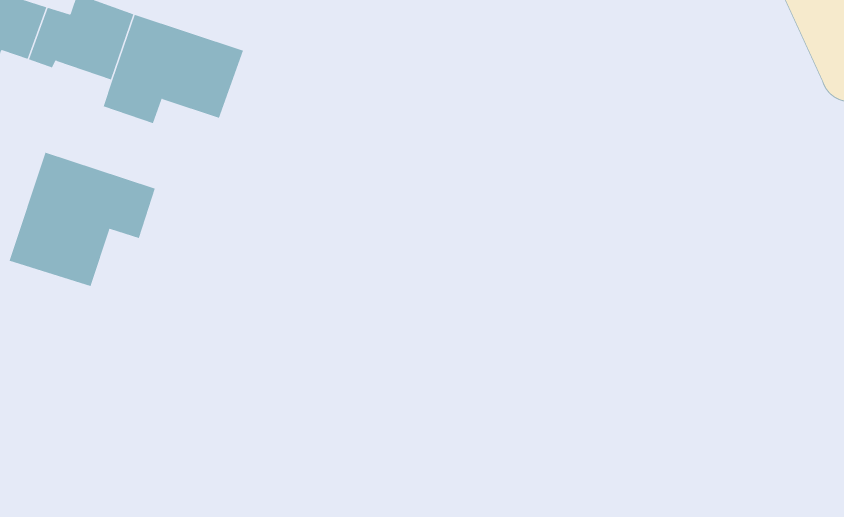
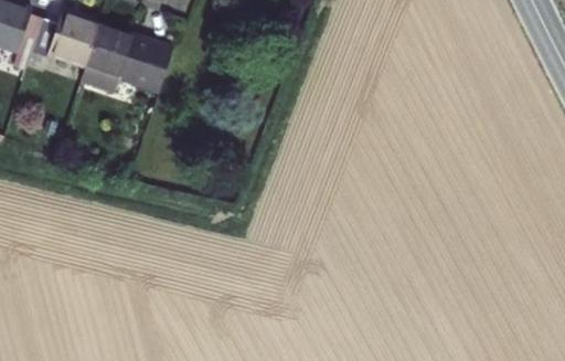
building: [9,152,155,287] -> none

